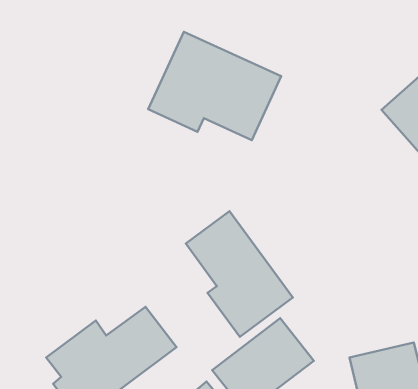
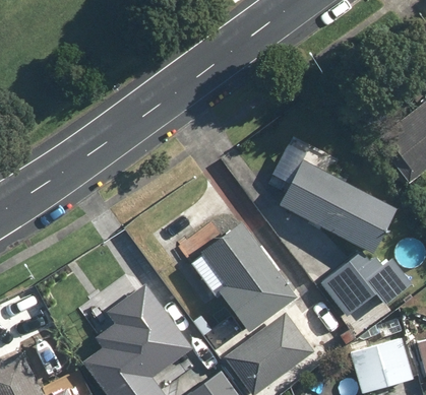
building: [148,32,281,140] -> none
building: none -> [268,141,392,251]
building: none -> [320,253,383,316]

